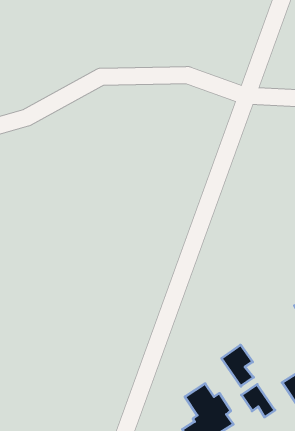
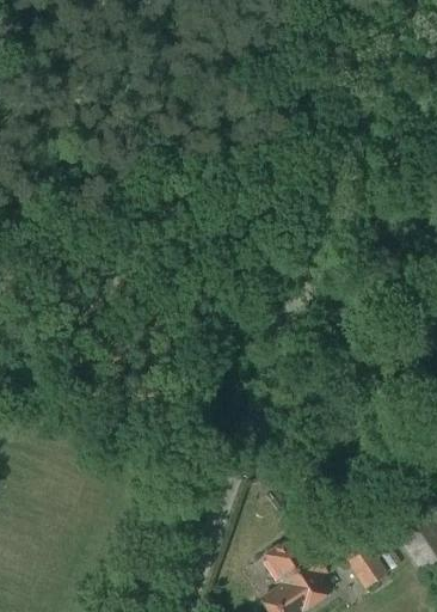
building: [222,345,254,386] -> none

